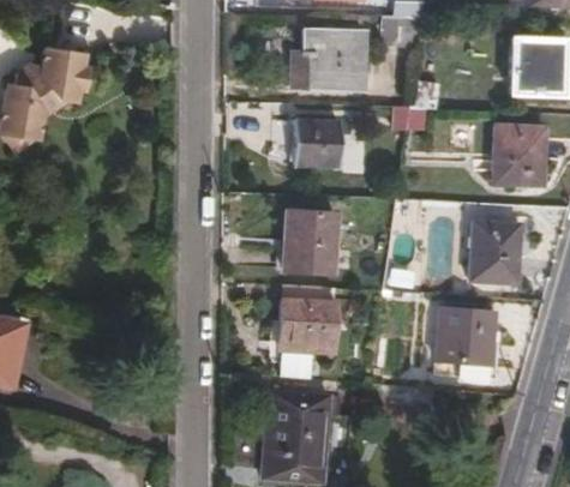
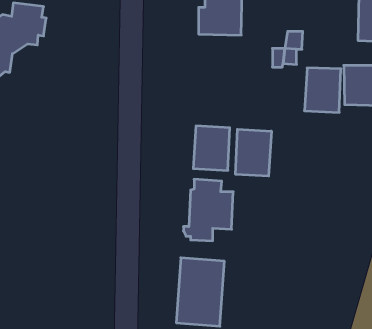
building: [298,121,344,167] -> none
building: none -> [236,129,271,176]
building: [469,224,518,284] -> [304,68,341,112]
building: [438,308,496,377] -> none

